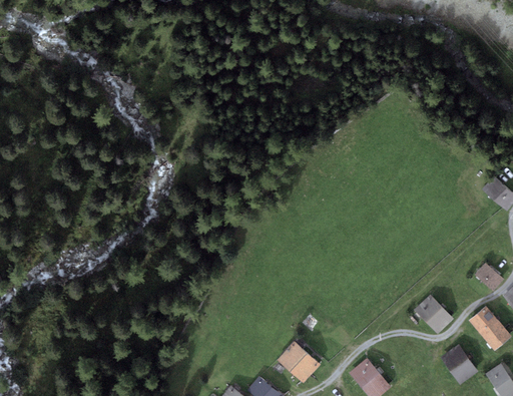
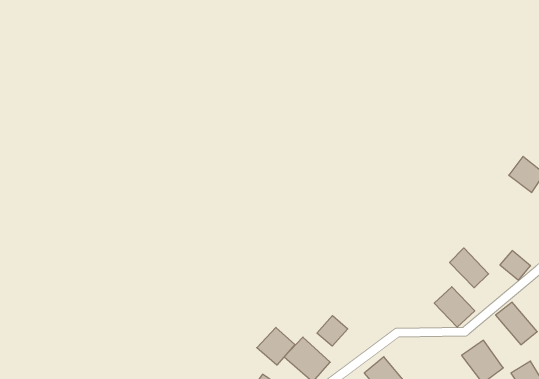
building: none -> [450,248,489,288]
building: none -> [317,316,348,346]
building: none -> [257,327,295,365]

